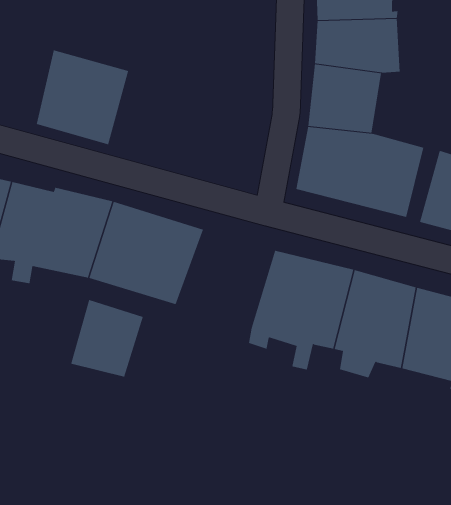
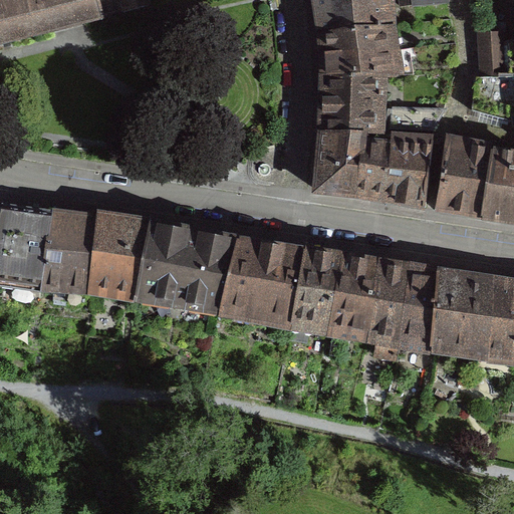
building: [36,49,129,145] -> none
building: none -> [218,236,303,322]
building: [71,299,144,378] -> none

